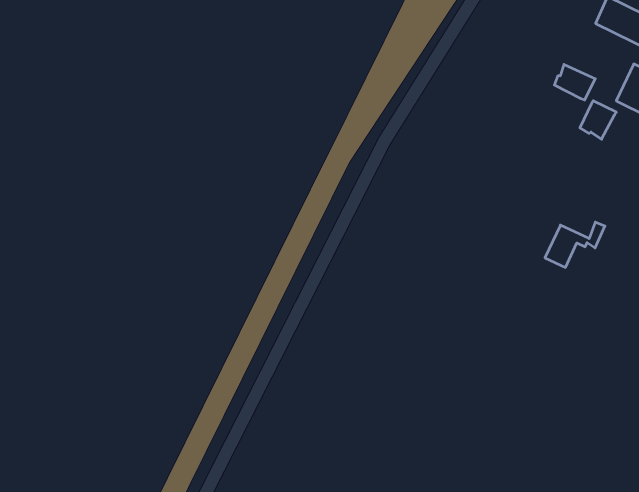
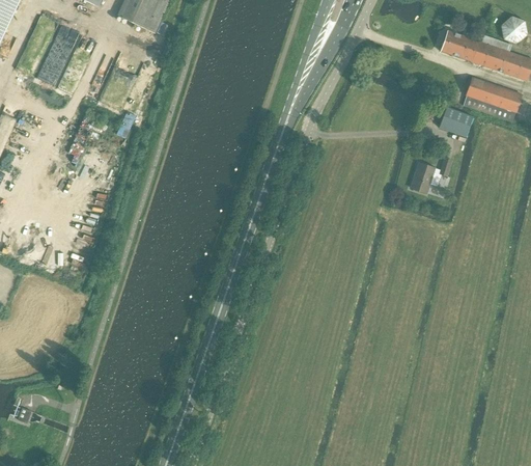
building: [554,64,595,100] -> none
building: [545,222,605,267] -> [411,158,451,193]

